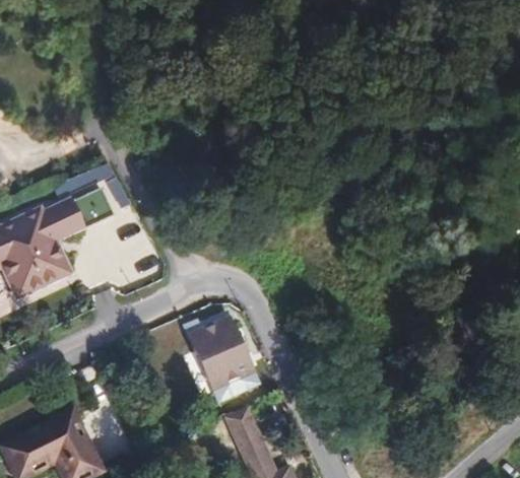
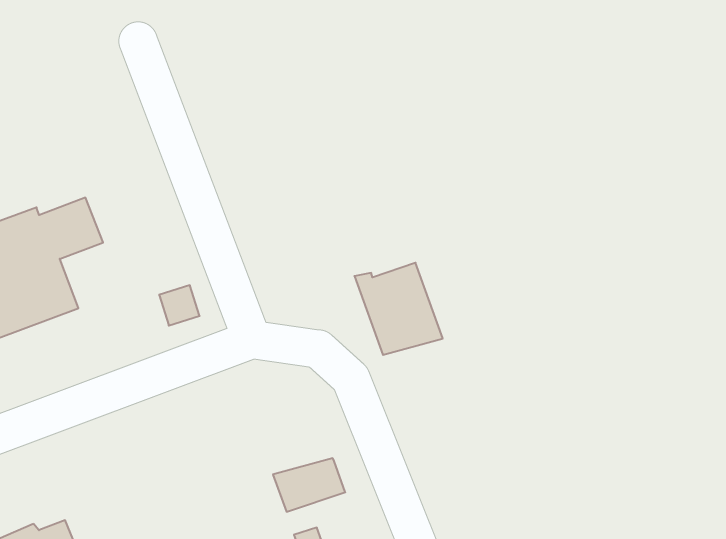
building: [186,312,249,375] -> [354,263,443,355]

